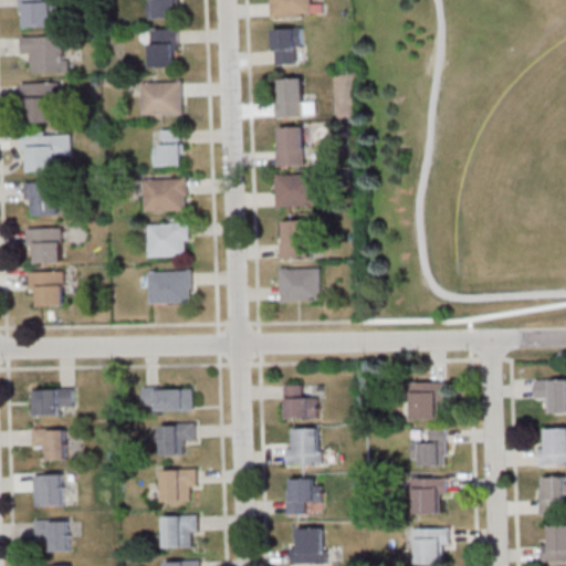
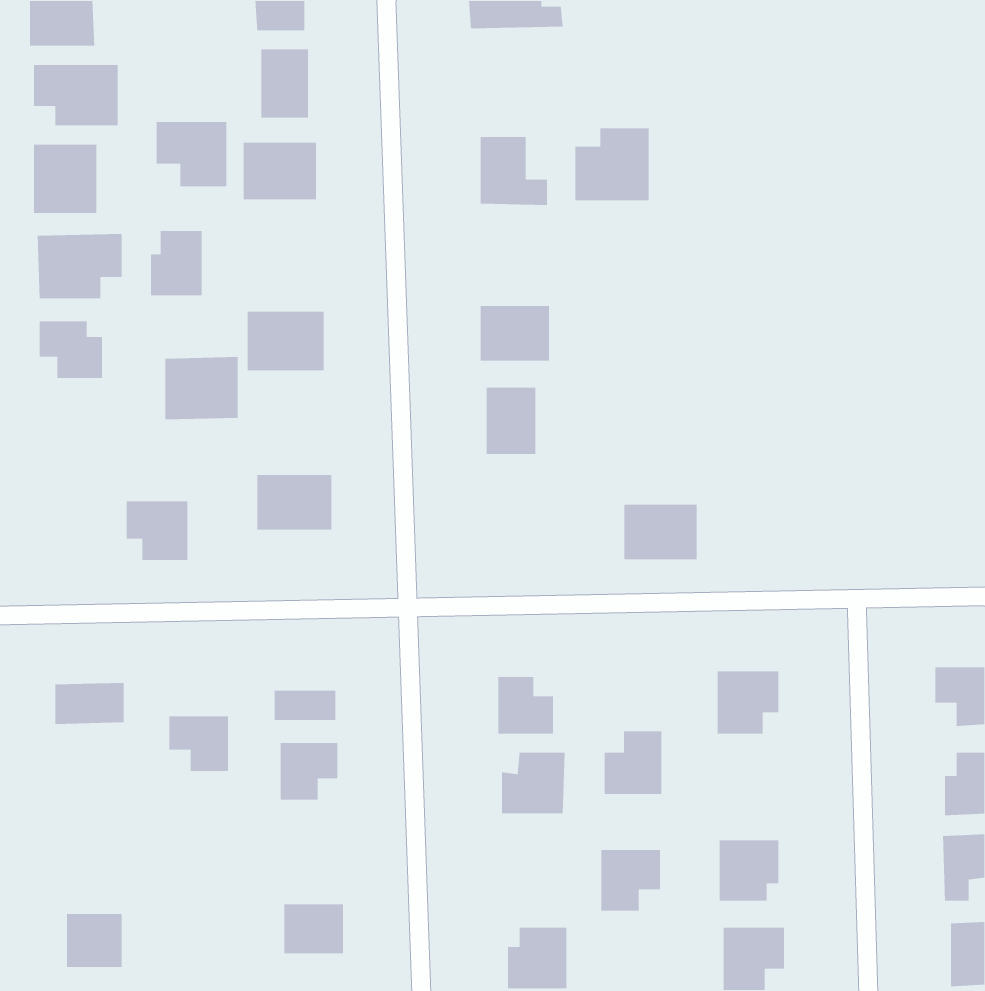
building: [271,29,298,65] -> none
building: none -> [156,121,227,187]
building: none -> [574,127,649,201]
building: [273,127,302,167] -> none
building: [153,129,182,167] -> [150,230,203,296]
building: [145,221,187,258] -> [165,356,238,420]
building: [28,229,61,263] -> none
building: [277,269,319,301] -> [624,504,697,560]
building: [28,272,63,306] -> [126,501,188,561]
building: [31,429,65,461] -> [169,715,229,772]
building: [410,430,443,467] -> [604,731,662,795]
building: [159,469,195,502] -> none
building: [32,474,63,506] -> none
building: [285,479,319,514] -> [601,849,661,911]

